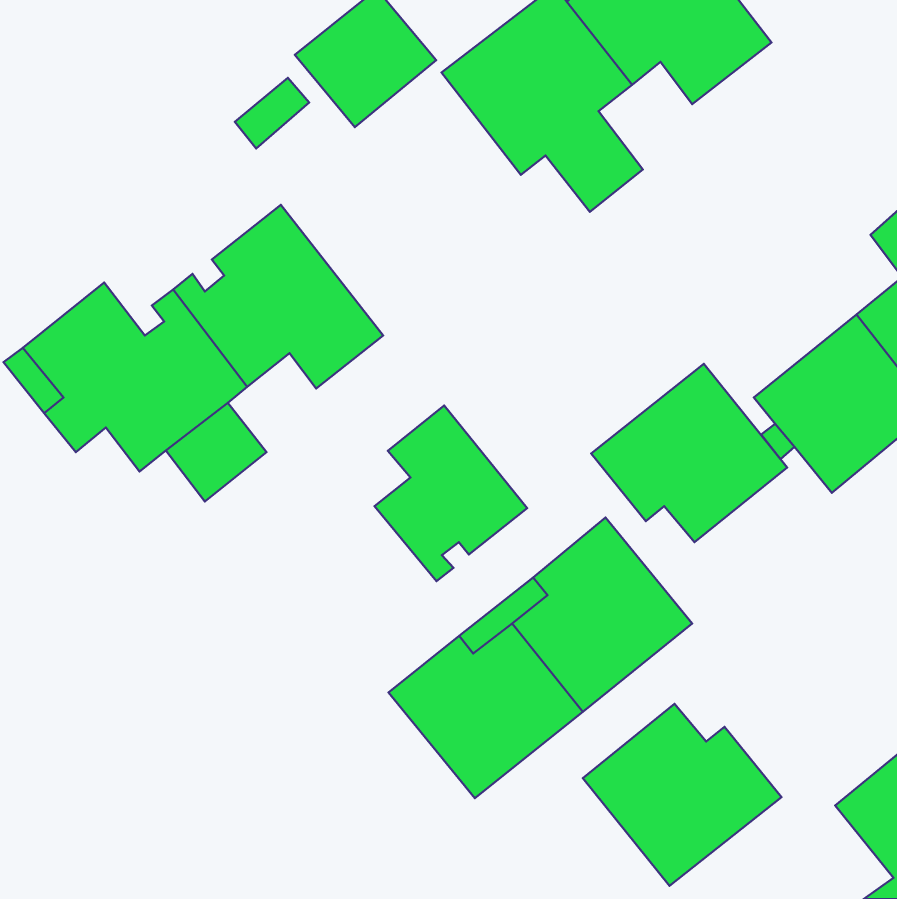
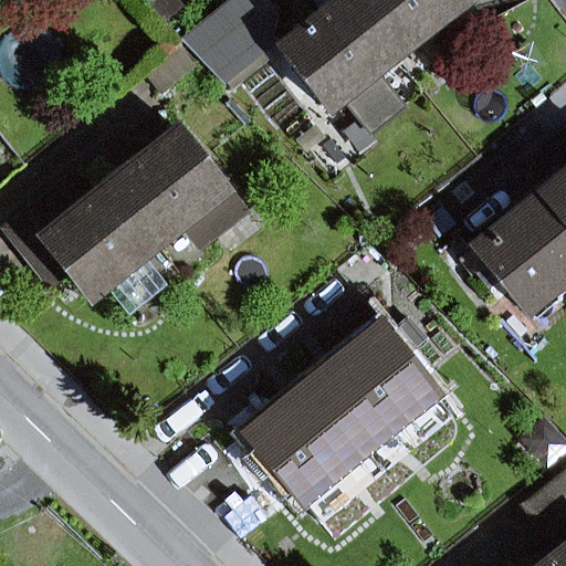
building: [591,364,787,542] -> none
building: [375,405,527,581] -> none
building: [583,704,782,886] -> none

